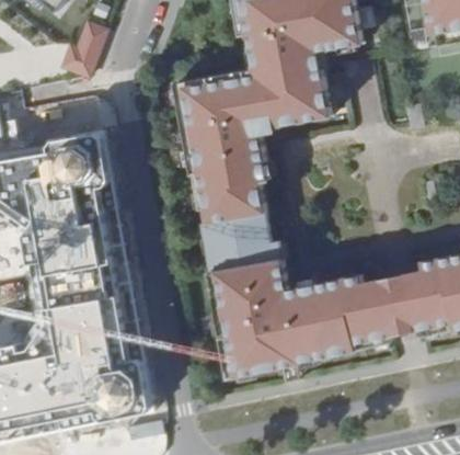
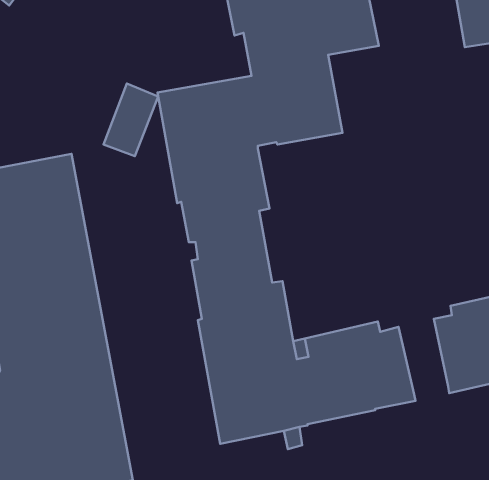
building: [59,18,105,79] -> [104,83,158,156]
building: [379,272,421,335] -> none

